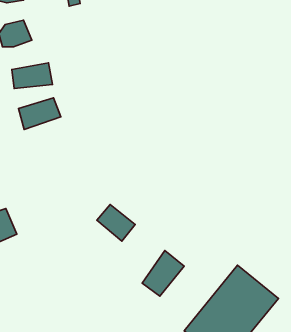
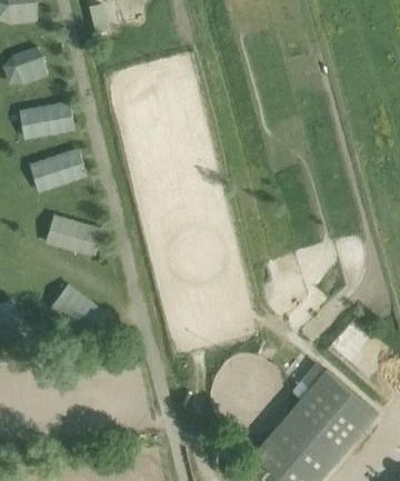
building: none -> [44,216,103,259]
building: [97,204,135,241] -> [51,287,102,335]
building: [142,250,184,296] -> none

